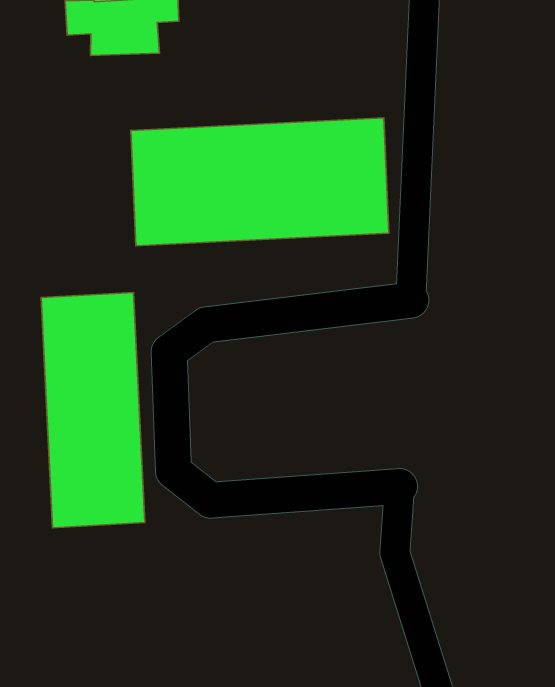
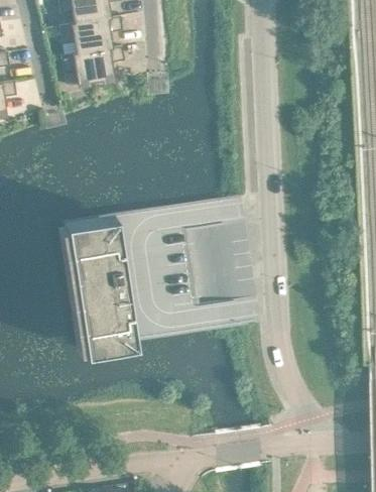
building: [131,118,389,246] -> none

